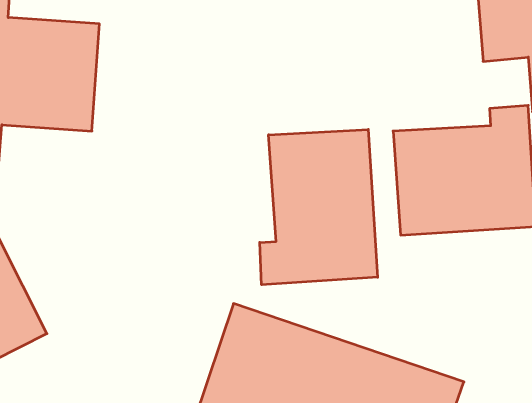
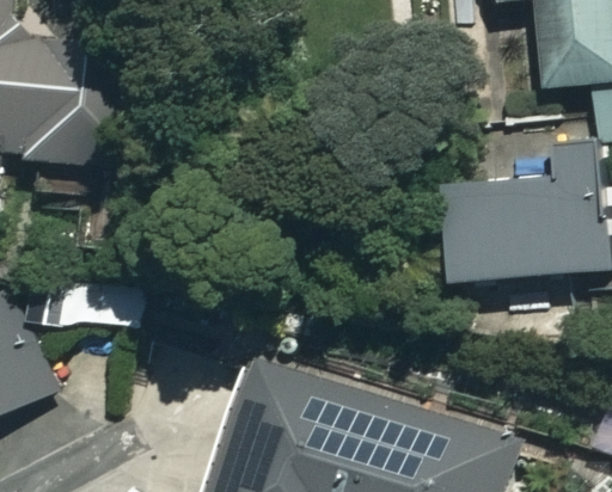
building: [260,129,378,285] -> none

